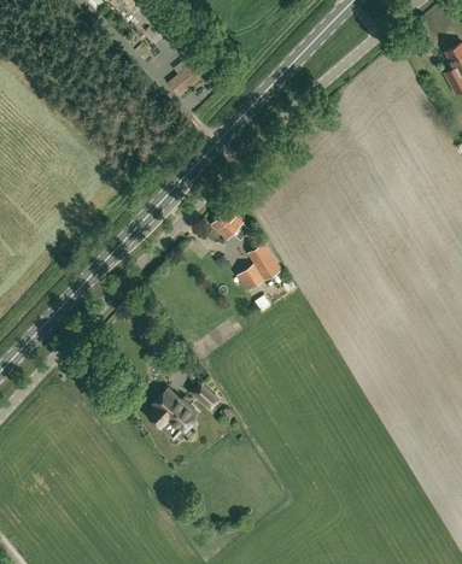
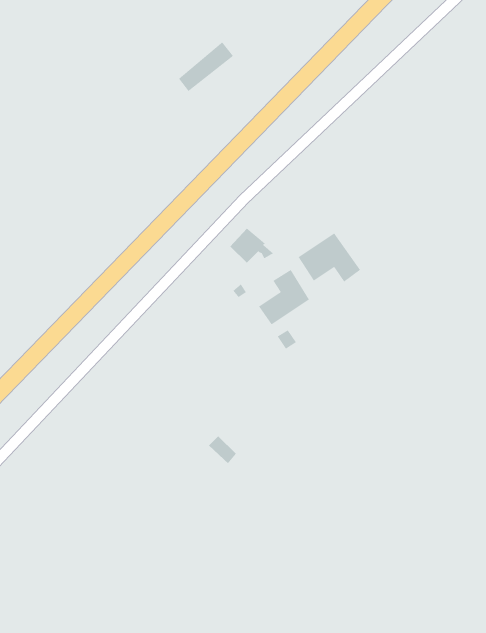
building: none -> [298,232,361,282]
building: [148,388,197,439] -> none

